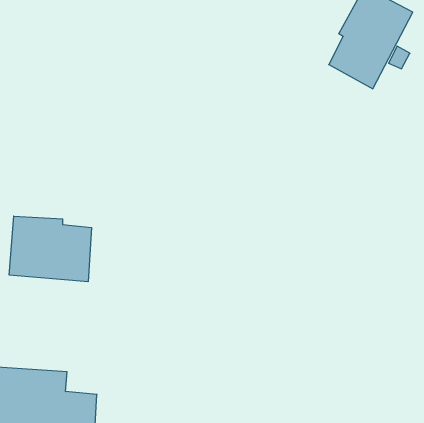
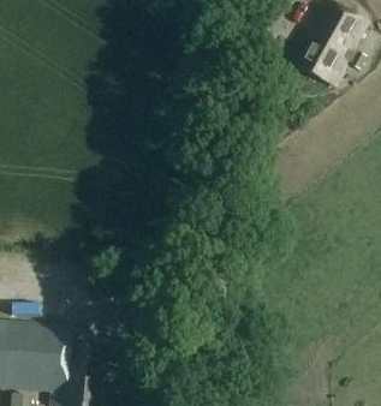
building: [9,216,92,282] -> none

